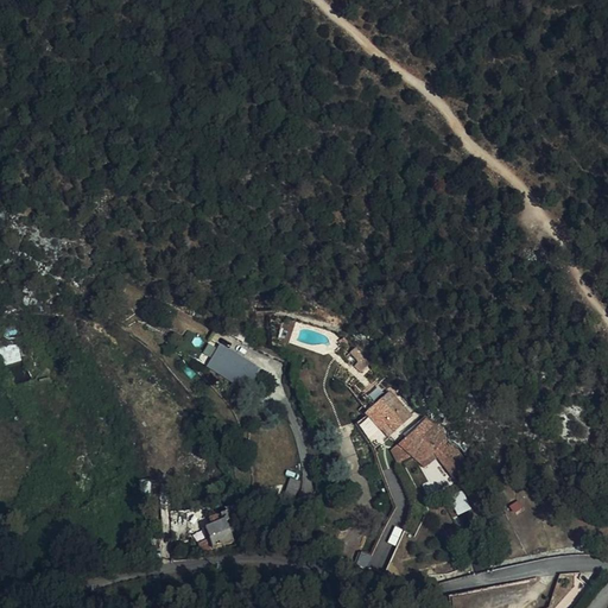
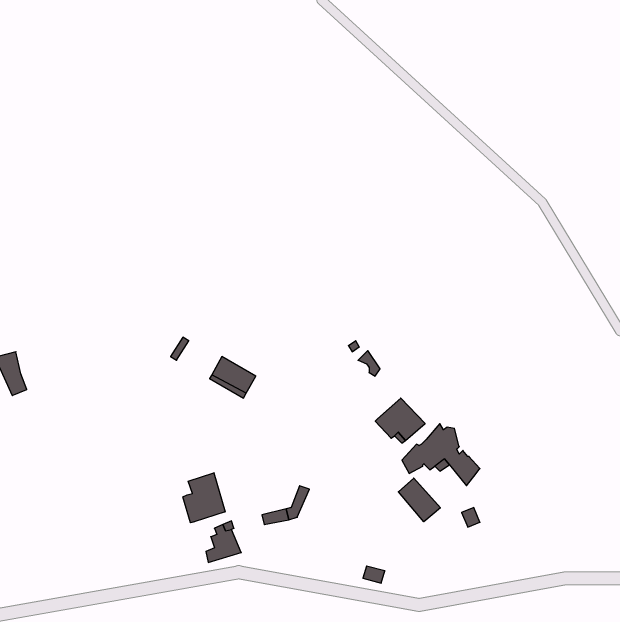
building: none -> [183,473,225,523]
building: none -> [398,478,440,522]

